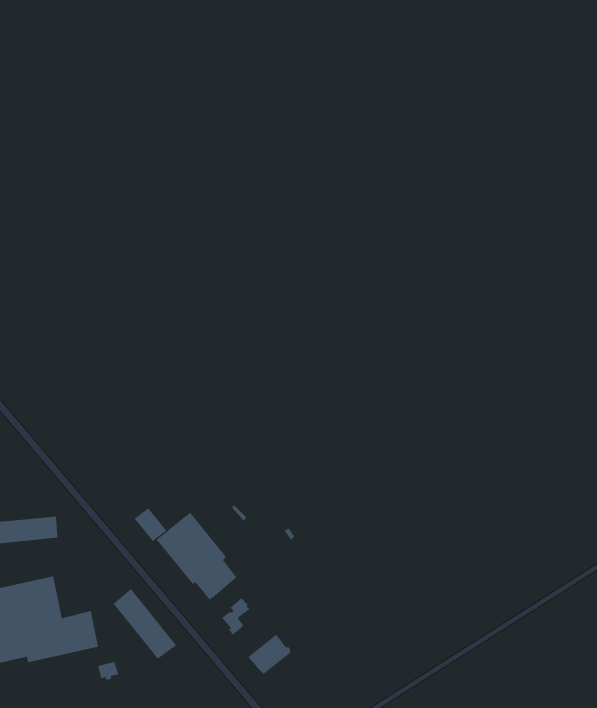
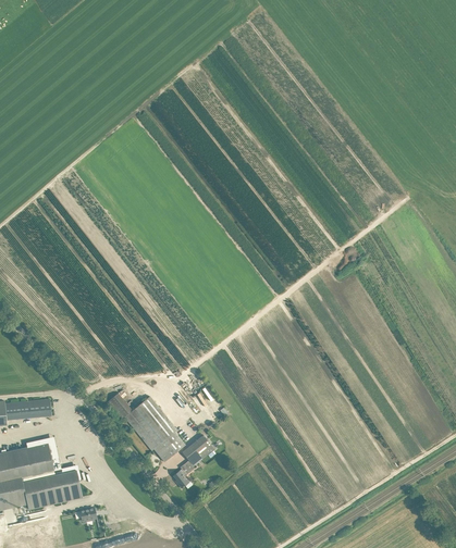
building: [113,588,177,659] -> none
building: [247,634,291,675] -> [181,435,213,465]

